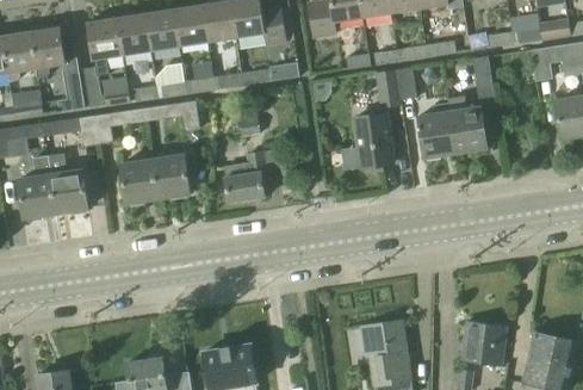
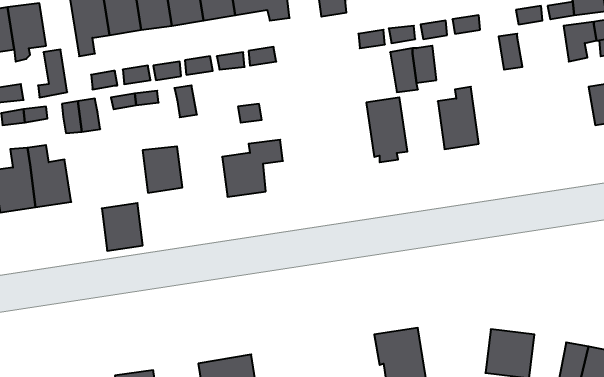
building: [446,93,488,153] -> none
building: [119,159,156,202] -> [102,203,143,251]

